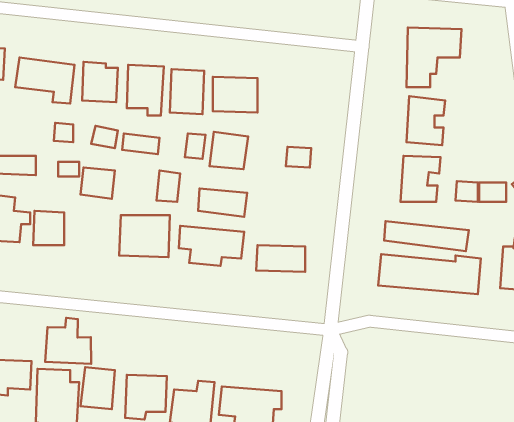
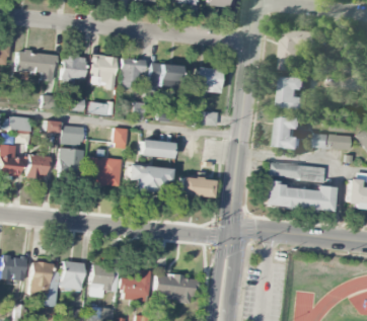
building: [209,132,248,169] -> [195,66,221,91]
building: none -> [59,148,84,176]
building: [45,318,91,364] -> none

